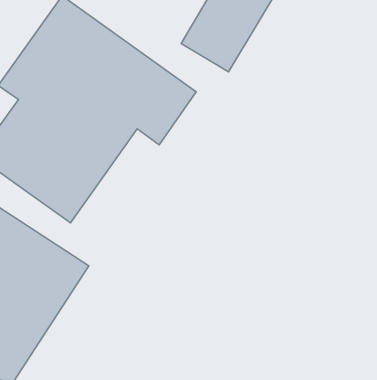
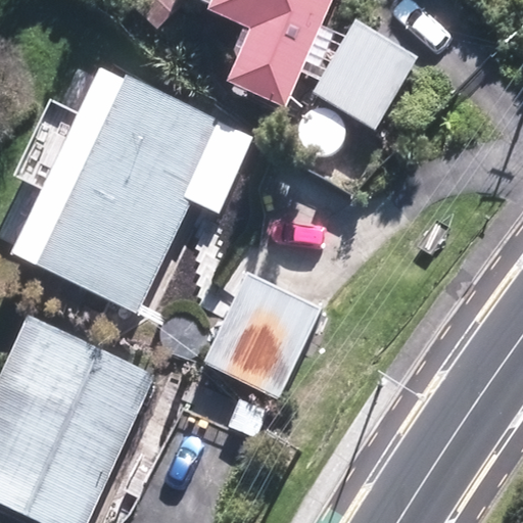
building: none -> [311,19,419,132]
building: none -> [203,271,327,396]

